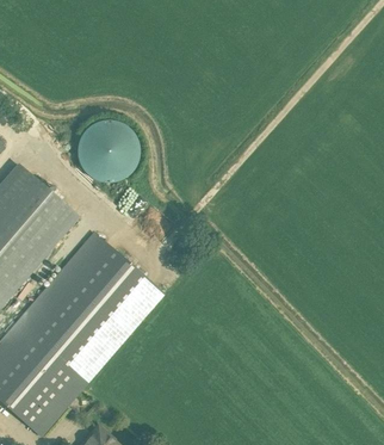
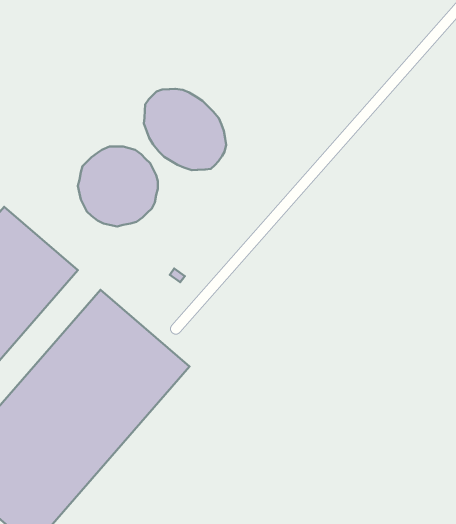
building: none -> [144,89,226,170]

